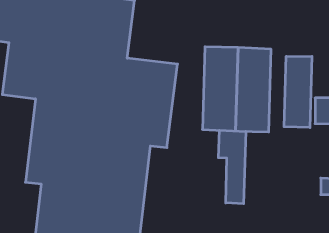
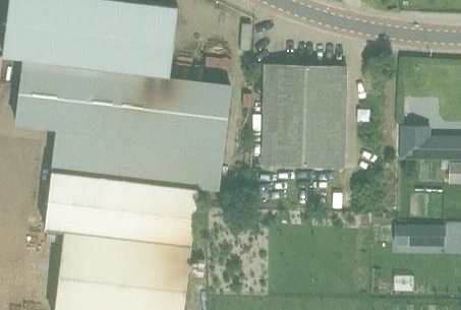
building: [284,56,312,128] -> none
building: [218,130,246,204] -> none

